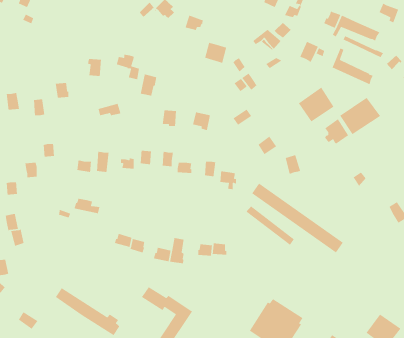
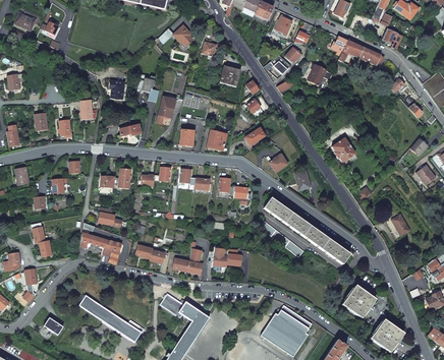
building: [331,47,374,85] -> none
building: [298,86,335,122] -> none
building: [339,97,381,135] -> none
building: none -> [81,232,122,263]
building: none -> [342,285,376,318]

